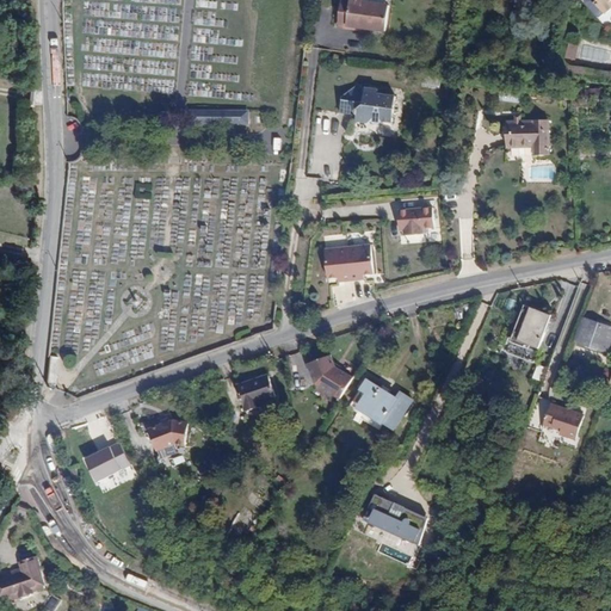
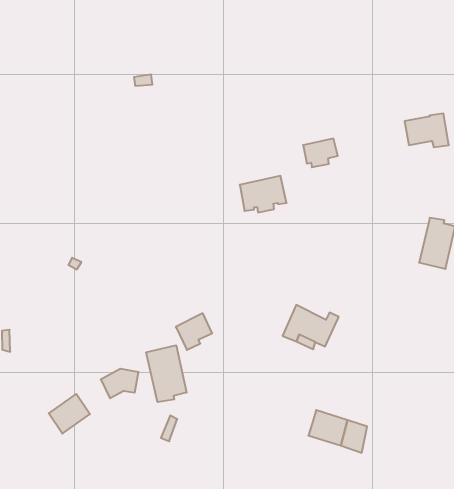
building: [339,82,396,123] -> none
building: [506,117,550,152] -> [405,114,449,147]
building: [307,354,352,399] -> none
building: none -> [146,345,187,402]

